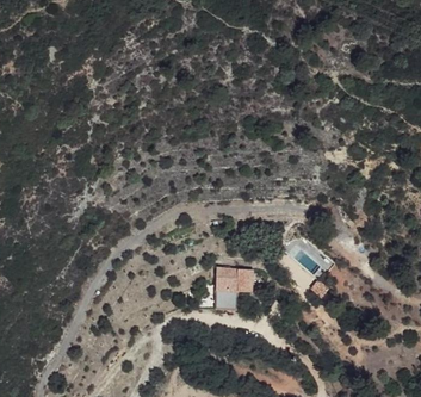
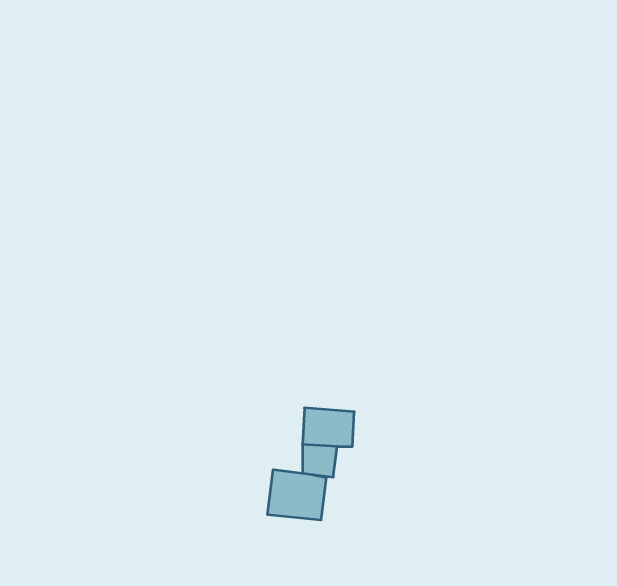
building: none -> [268,470,326,520]

